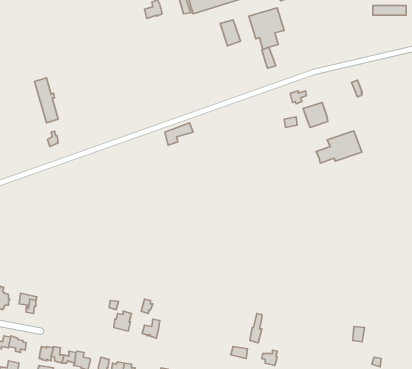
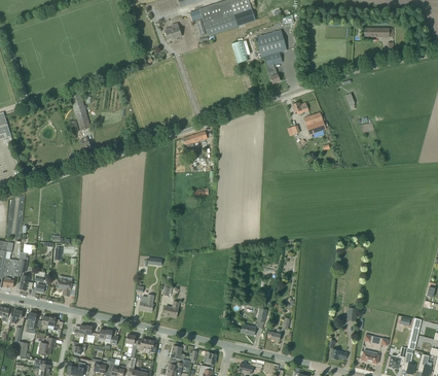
building: [316,131,362,163] -> none

